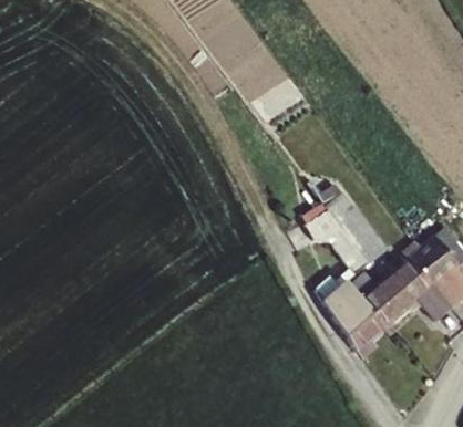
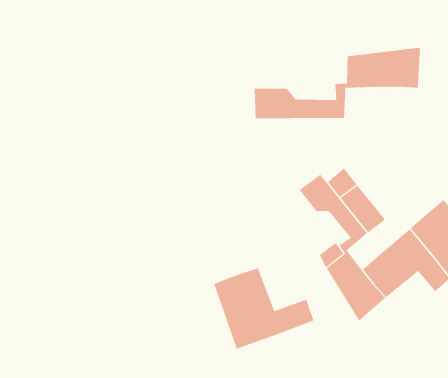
building: none -> [254,47,421,119]
building: none -> [214,268,314,350]

